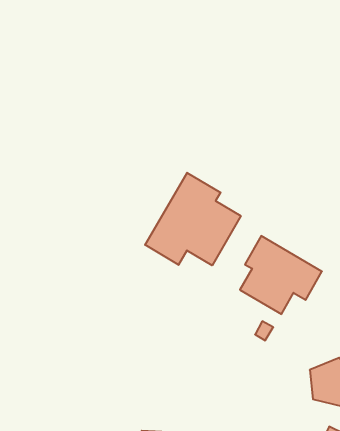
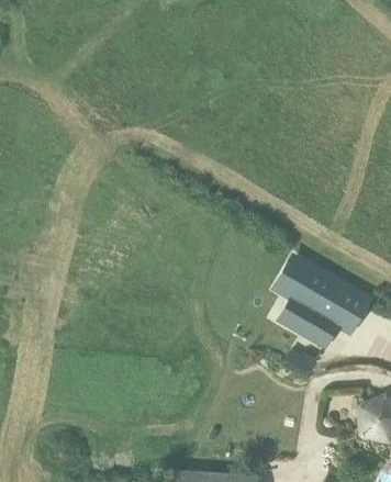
building: [145,173,241,265] -> none

